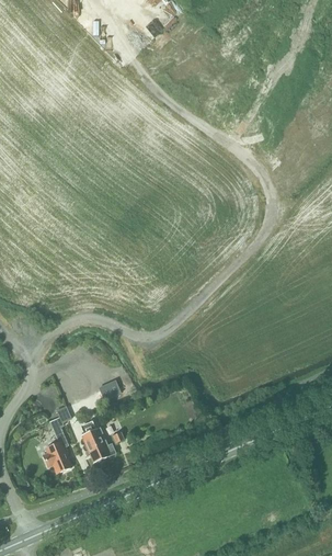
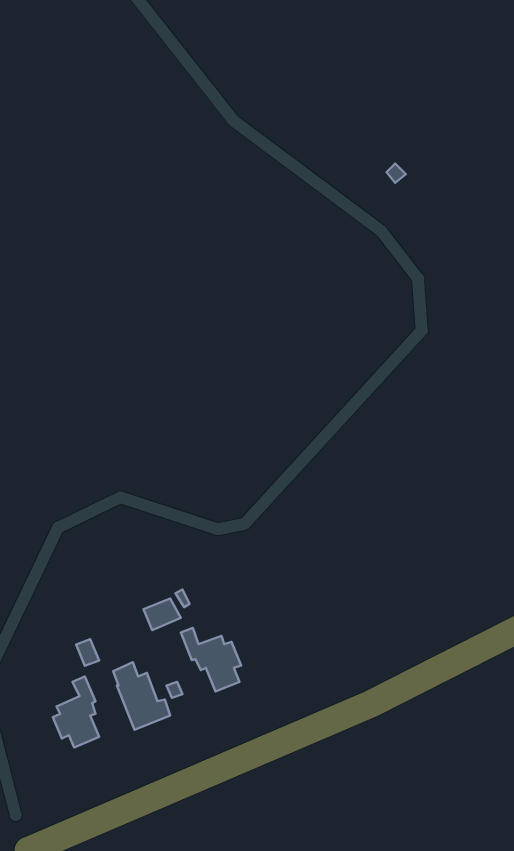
building: none -> [181,628,241,691]

